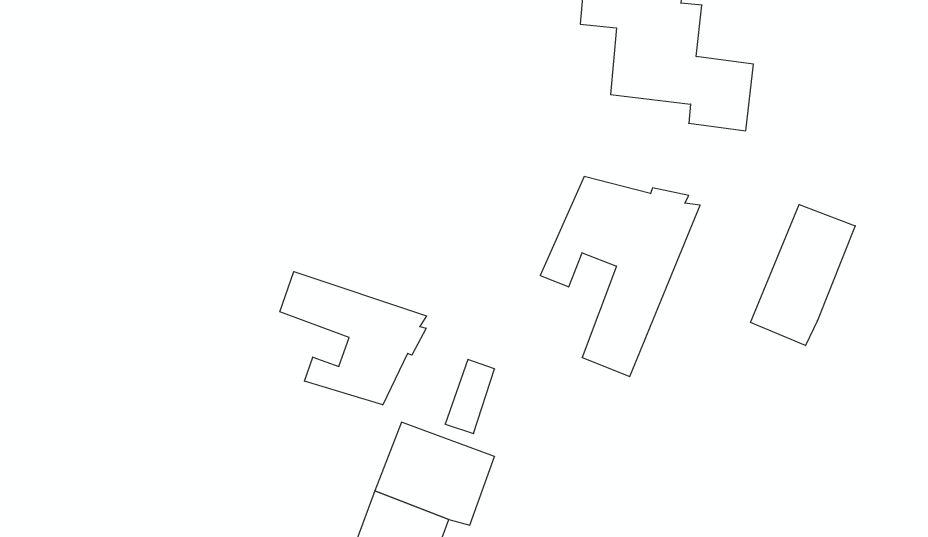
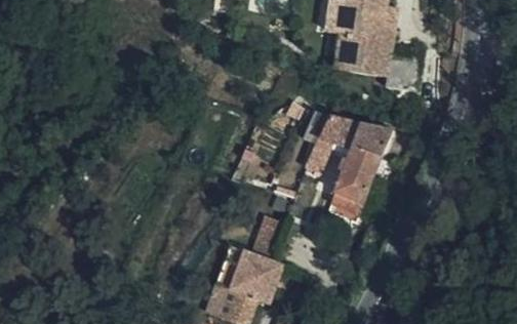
building: [751,204,855,346] -> none
building: [280,272,427,405] -> none

